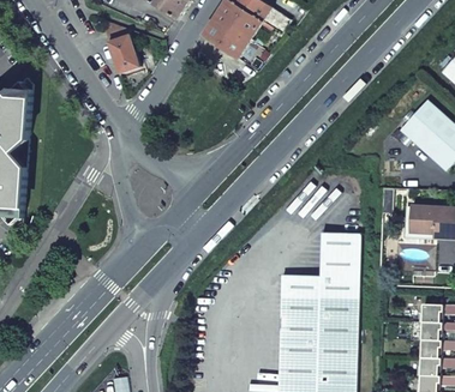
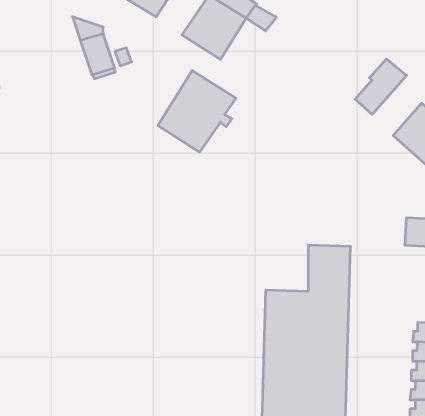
building: none -> [355,59,407,114]
building: none -> [158,70,236,152]

